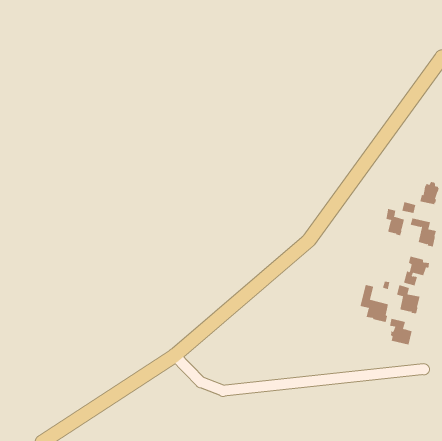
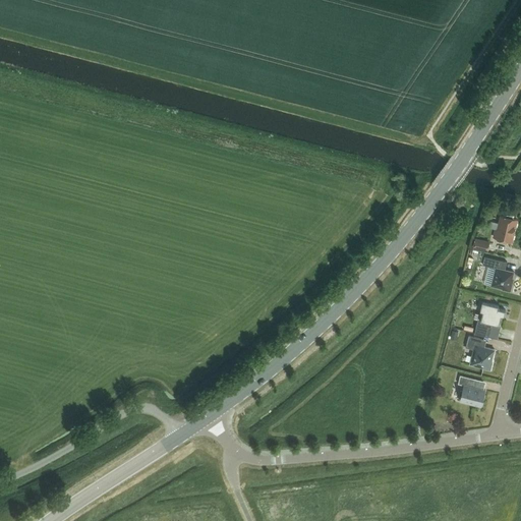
building: [386,208,404,236] -> none
building: [360,284,389,323] -> none

